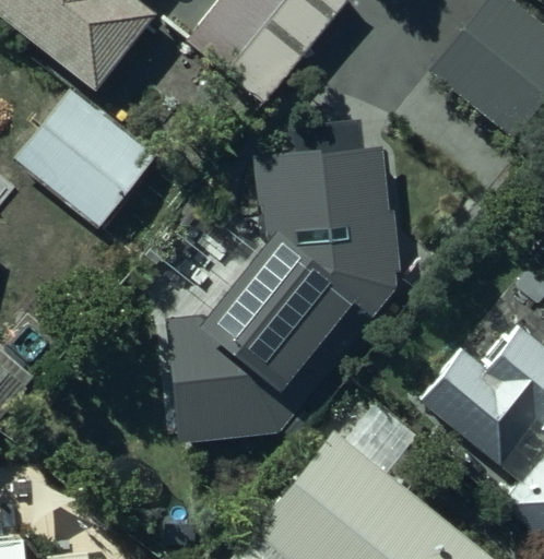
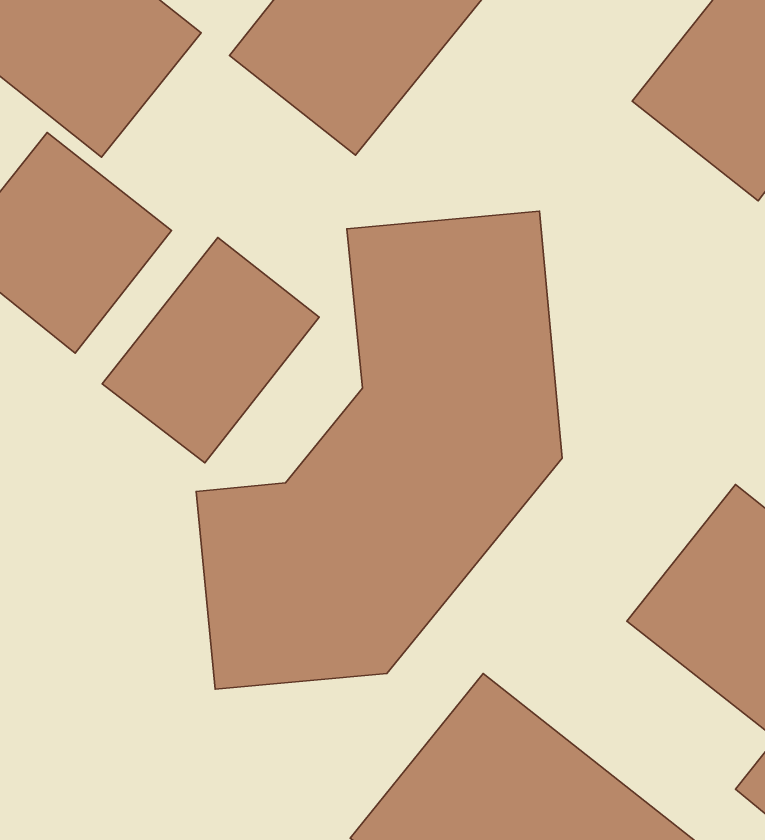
building: none -> [102,237,319,463]

